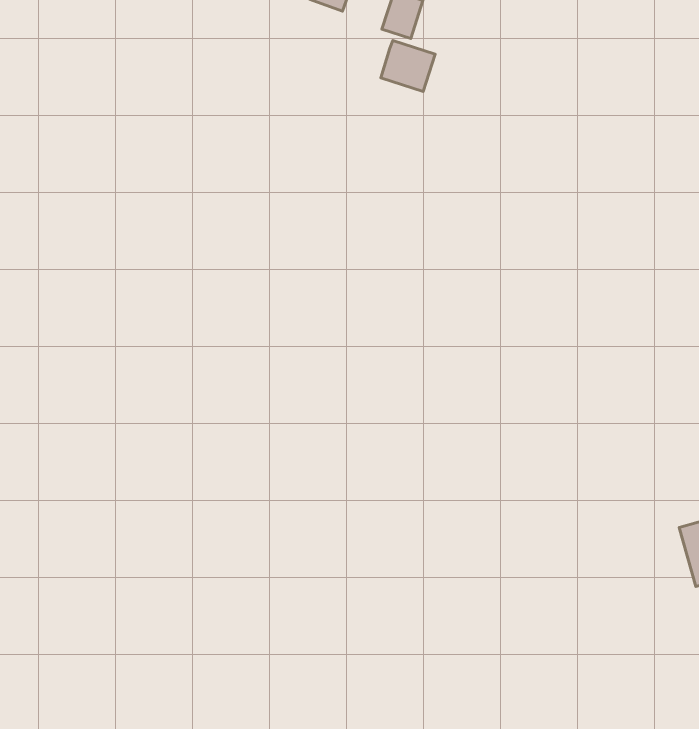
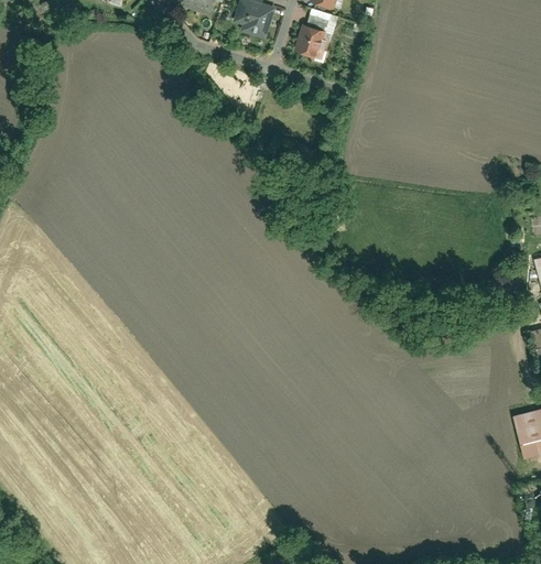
building: [381,41,435,92] -> none

